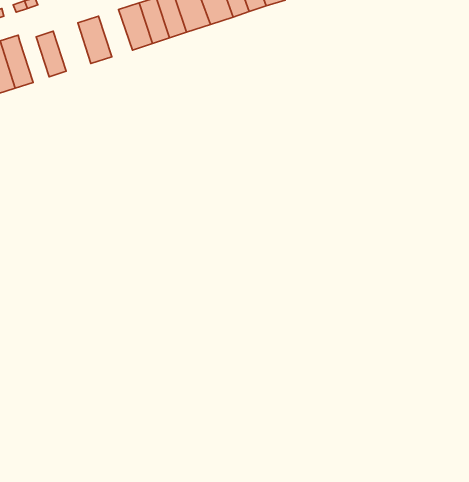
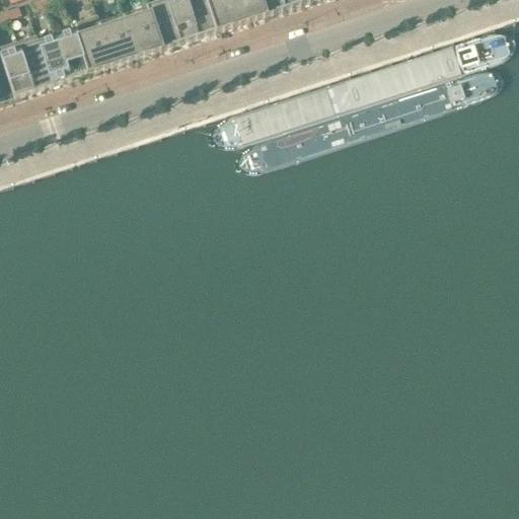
building: none -> [105,10,142,61]
building: none -> [54,17,97,76]
building: none -> [21,40,53,88]

